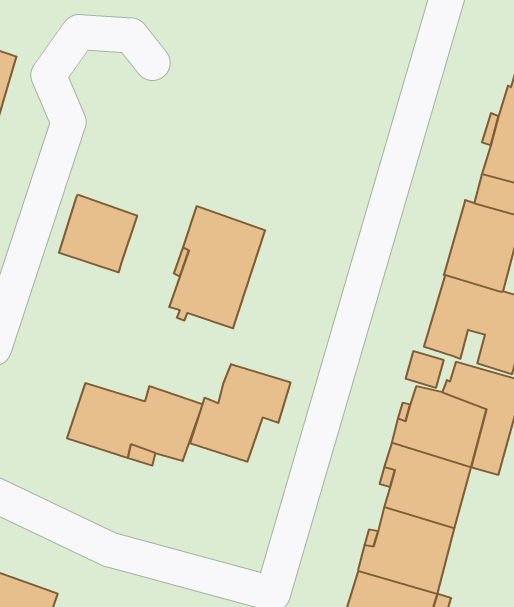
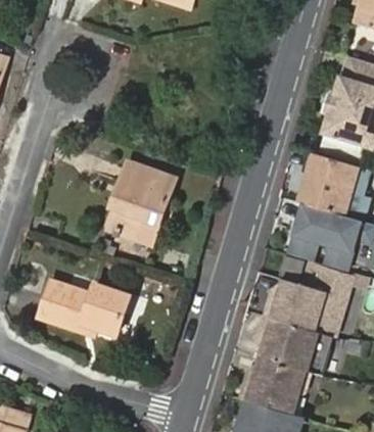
building: [59,195,137,272] -> none
building: [190,364,290,462] -> none

